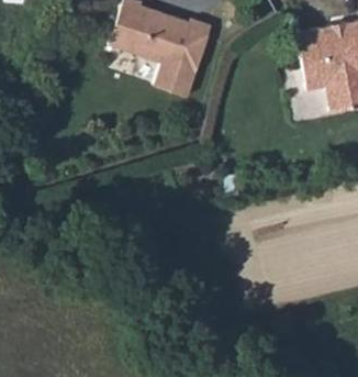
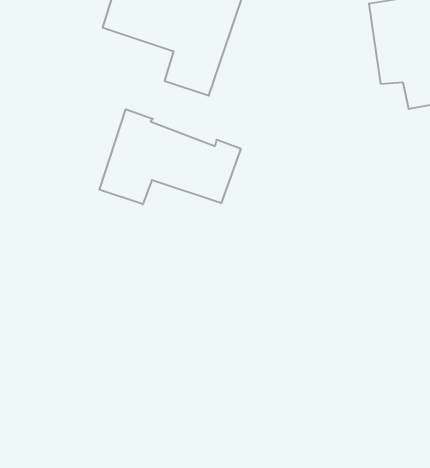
building: none -> [99,109,241,204]

